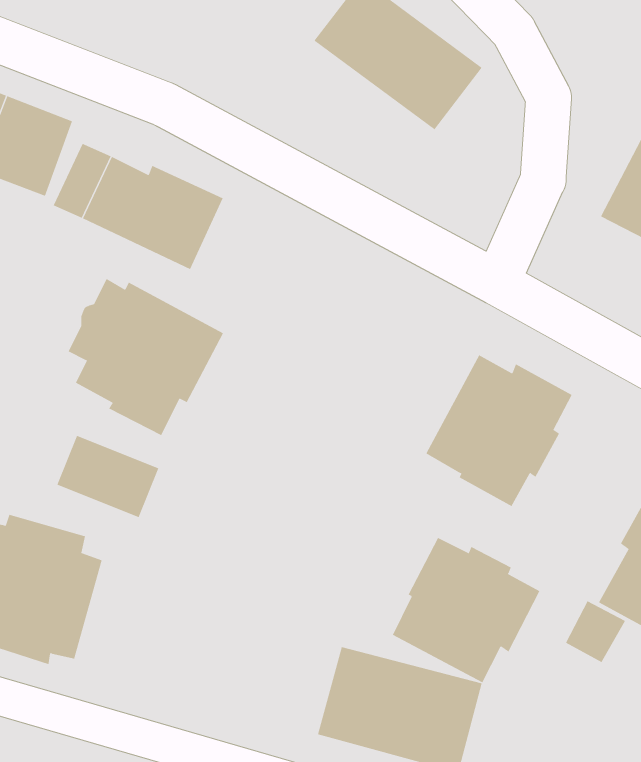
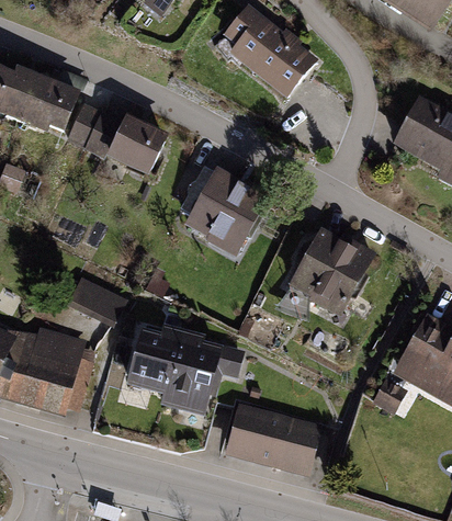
building: [68,278,224,436] -> [180,166,273,260]
building: none -> [123,325,239,412]
building: [392,537,540,683] -> none

